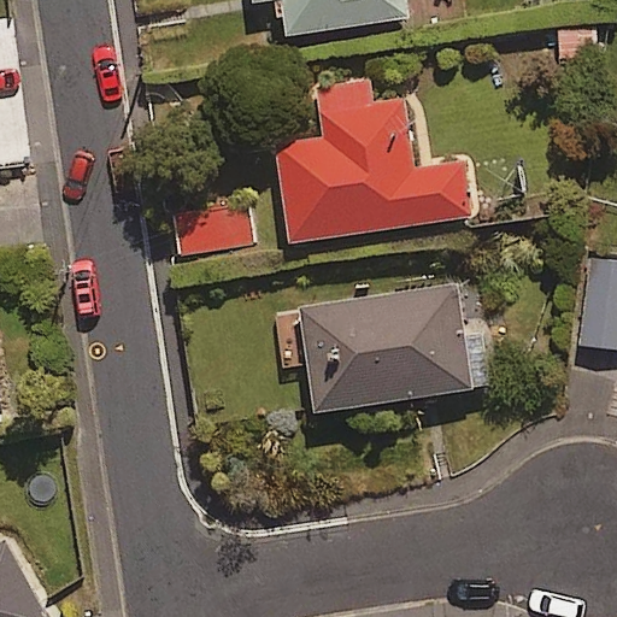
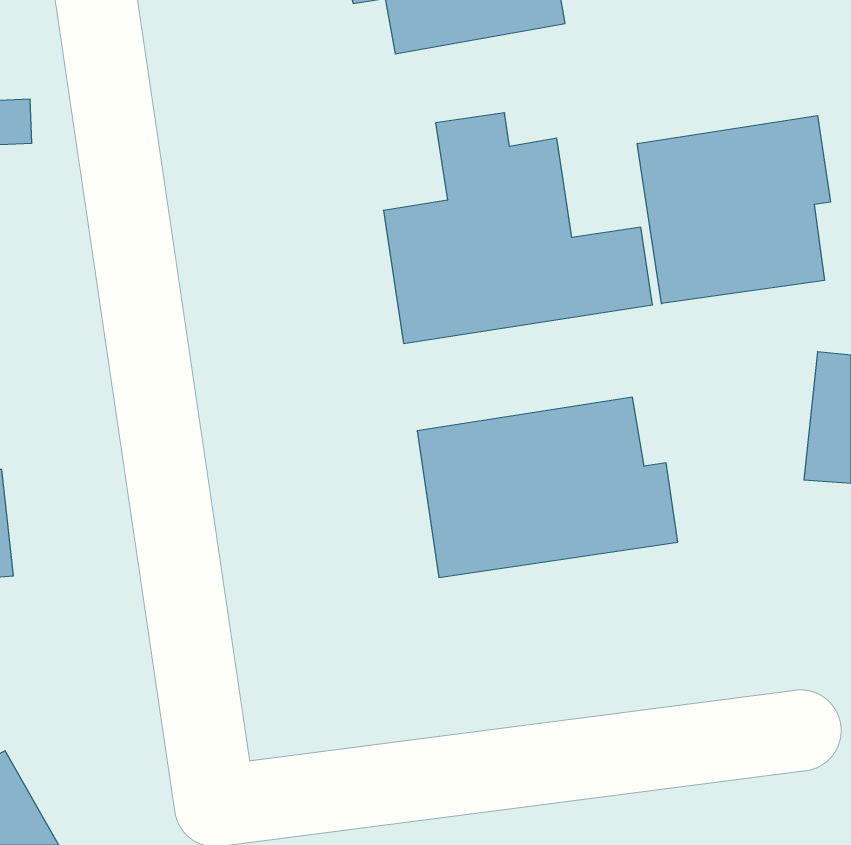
building: none -> [637,116,831,304]

